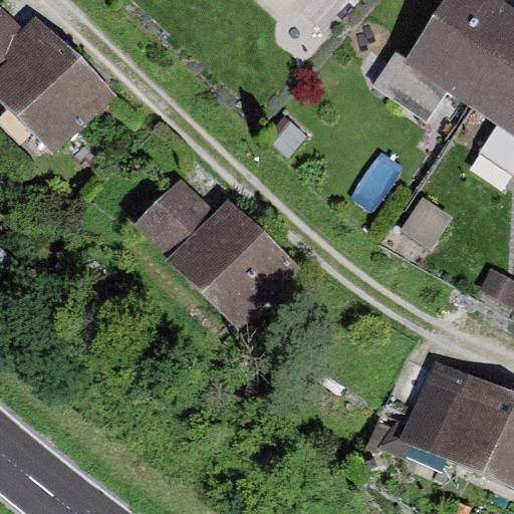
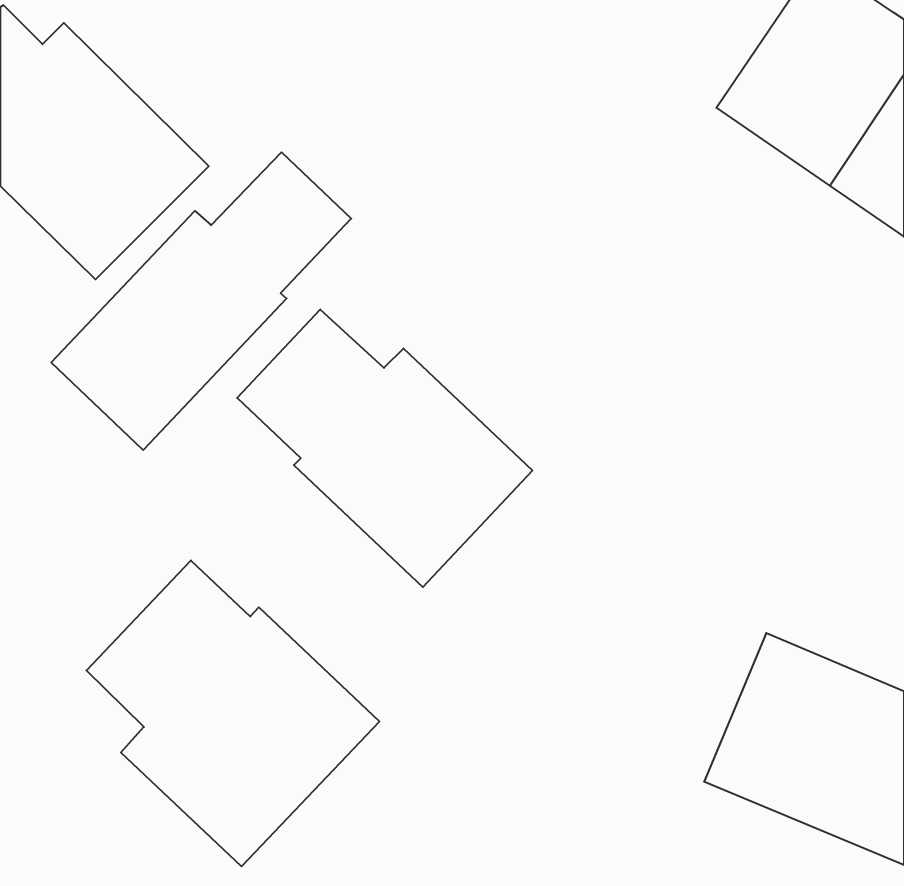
building: none -> [51,152,351,450]
building: none -> [86,560,379,866]

